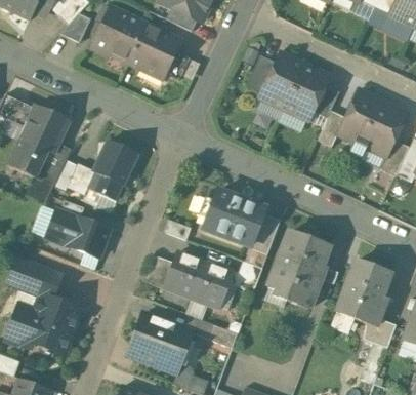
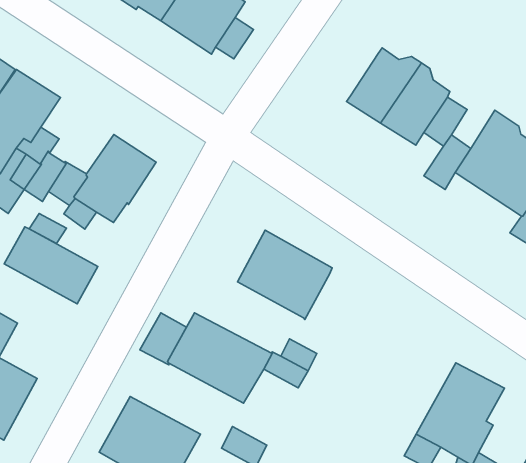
building: [245,55,275,93] -> none
building: [250,213,280,254] -> none
building: [268,231,329,309] -> none

